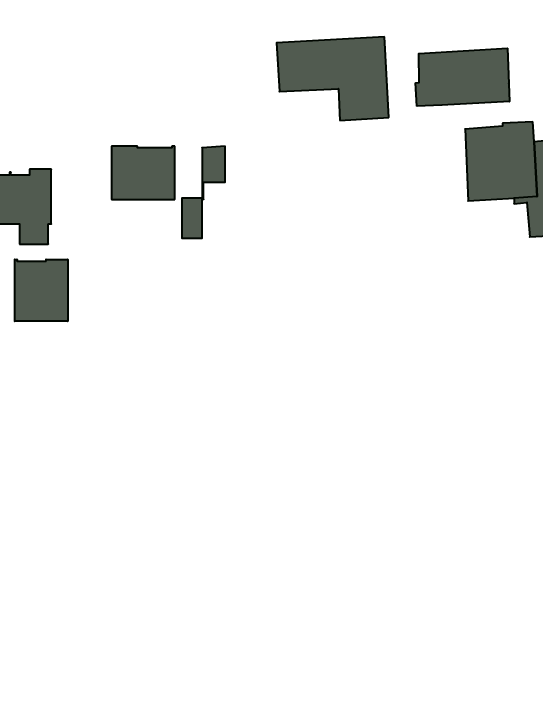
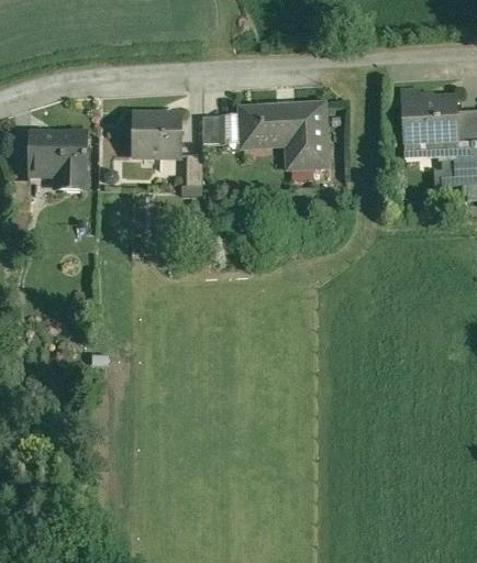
building: [277,37,389,120] -> [241,102,326,166]
building: [416,48,509,106] -> none
building: [15,259,68,321] -> none

